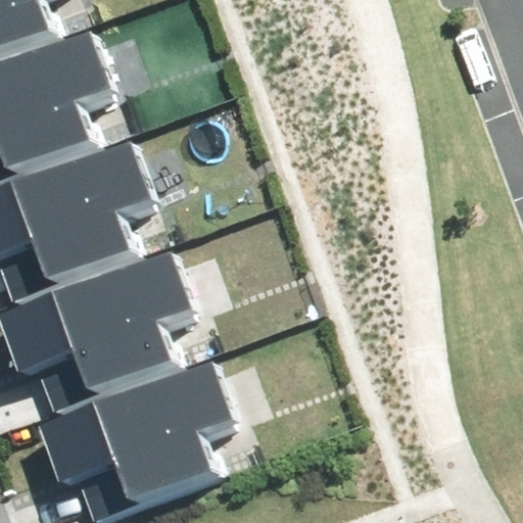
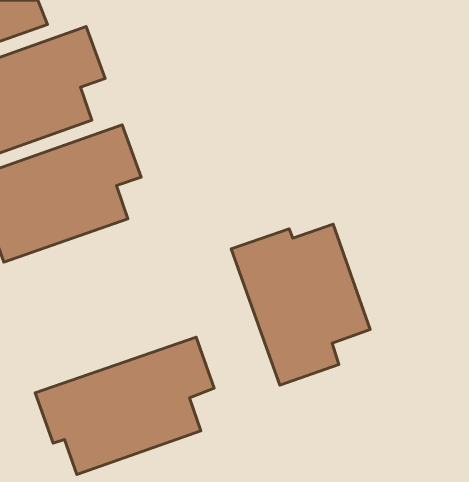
building: none -> [231,224,370,385]
building: [4,255,197,403] -> none

